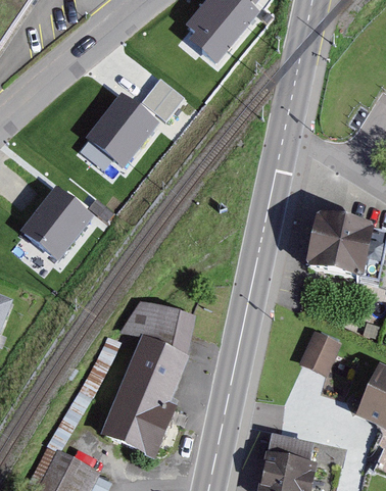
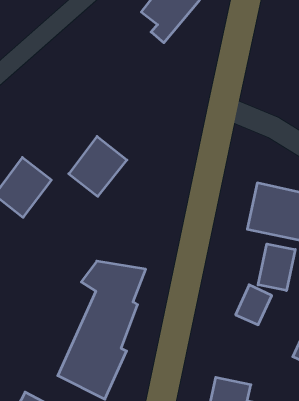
building: [142,76,184,119] -> none
building: [90,96,155,163] -> [69,136,127,196]
building: none -> [258,244,295,291]

